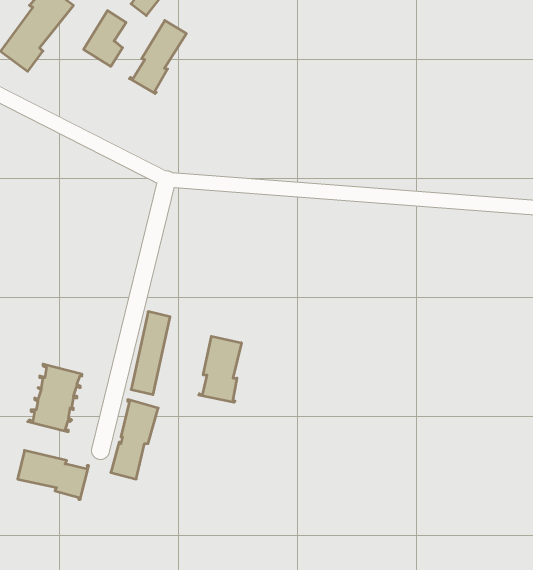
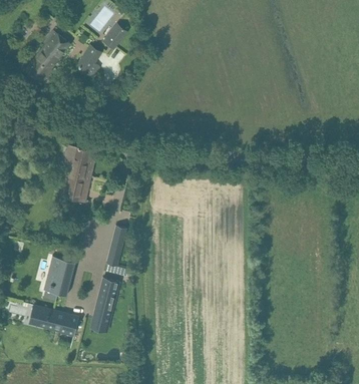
building: [129,20,186,94] -> none
building: none -> [63,146,95,203]
building: [199,336,241,402] -> none

